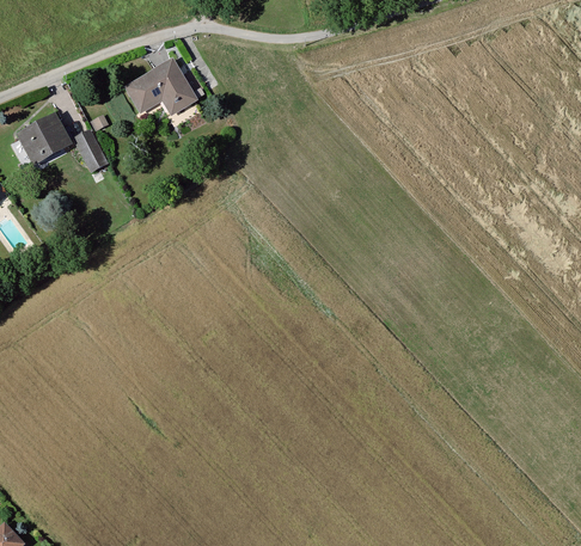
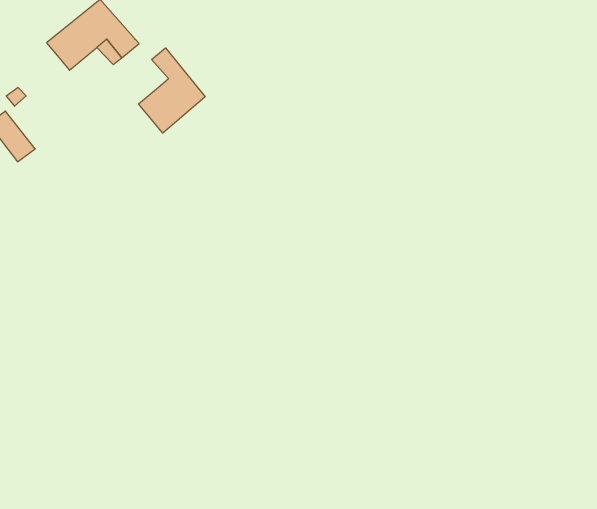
building: none -> [138,48,205,133]

